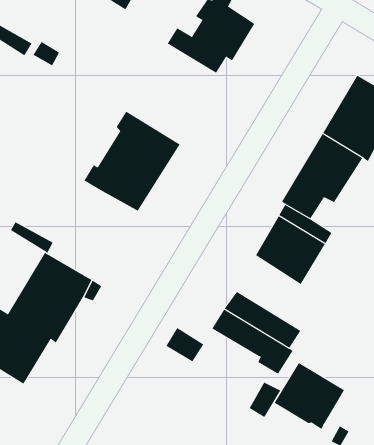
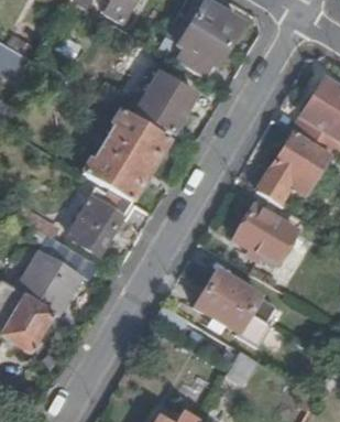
building: none -> [133,73,195,134]
building: none -> [72,183,136,256]
building: [274,362,345,430] -> none

